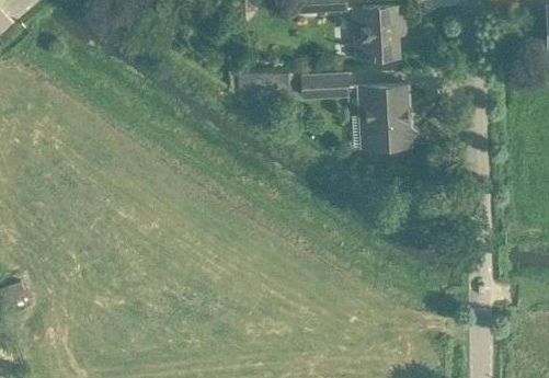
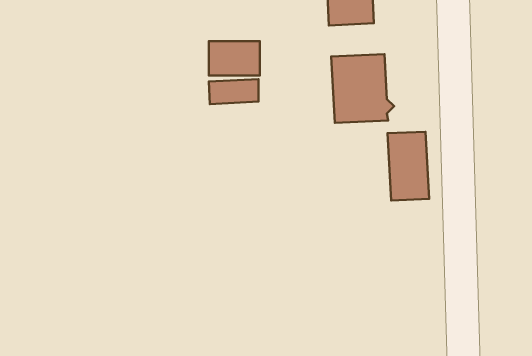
building: [304,75,350,98] -> [209,79,259,104]
building: none -> [387,132,429,200]

